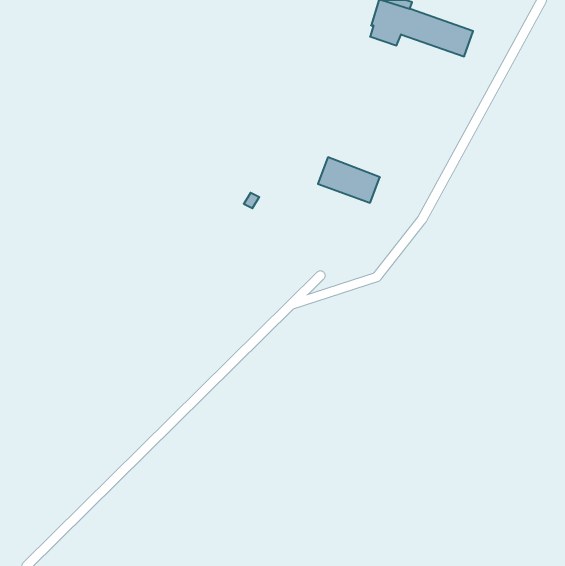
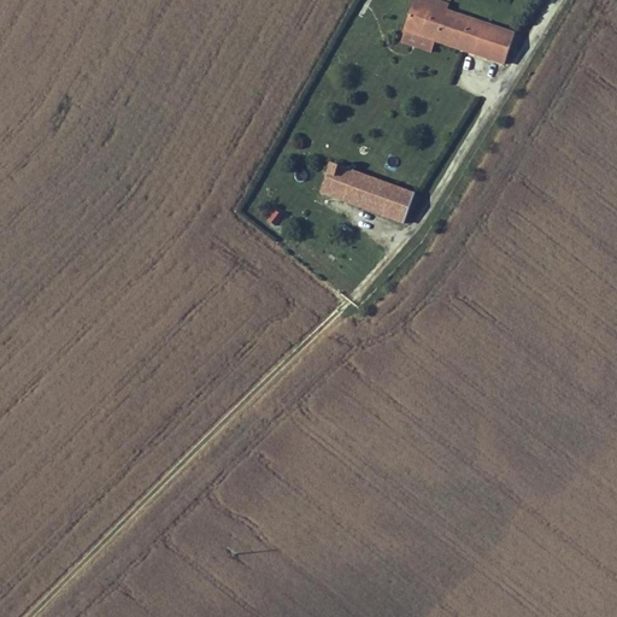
building: none -> [319,161,357,200]

